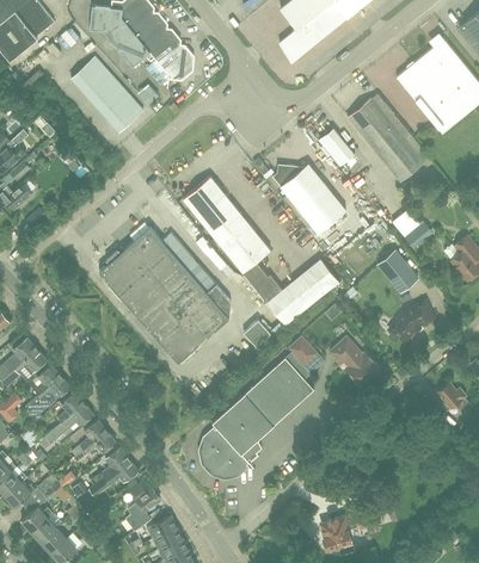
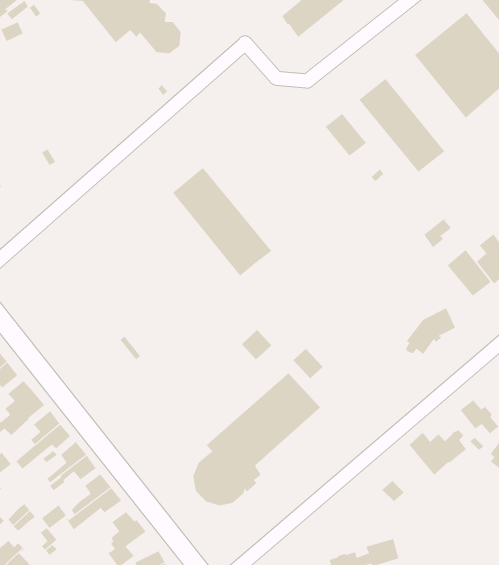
building: [69,56,142,132] -> none
building: [271,163,344,233] -> none
building: [98,228,231,363] -> none
building: [377,250,417,292] -> [447,249,492,297]
building: [241,258,338,326] -> none
building: [328,336,377,385] -> none
building: none -> [409,430,467,476]

